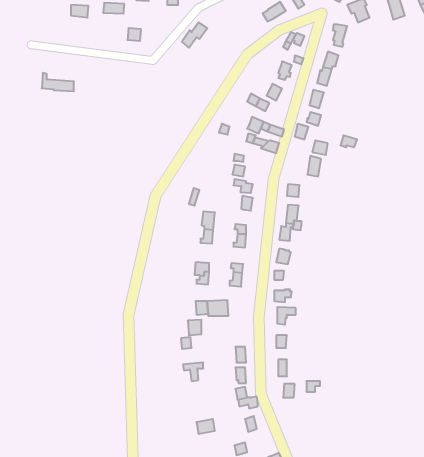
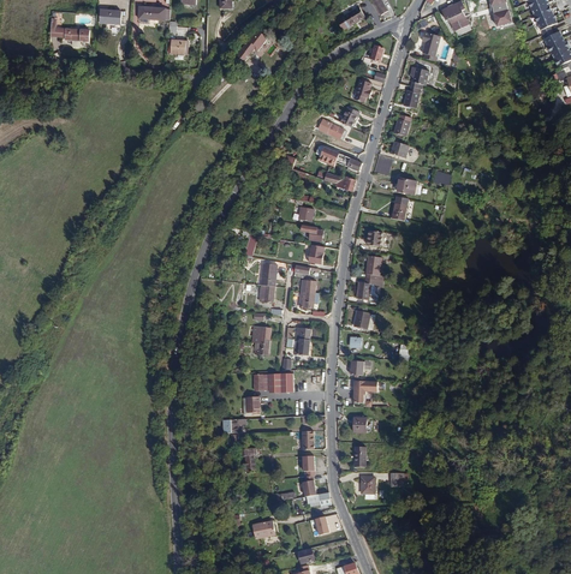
building: [42,73,74,91] -> [49,18,89,41]

